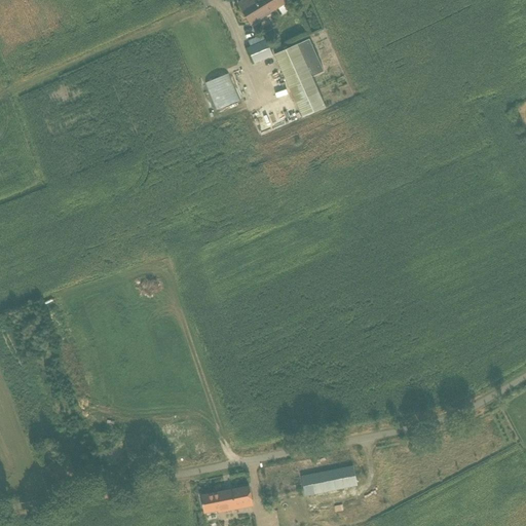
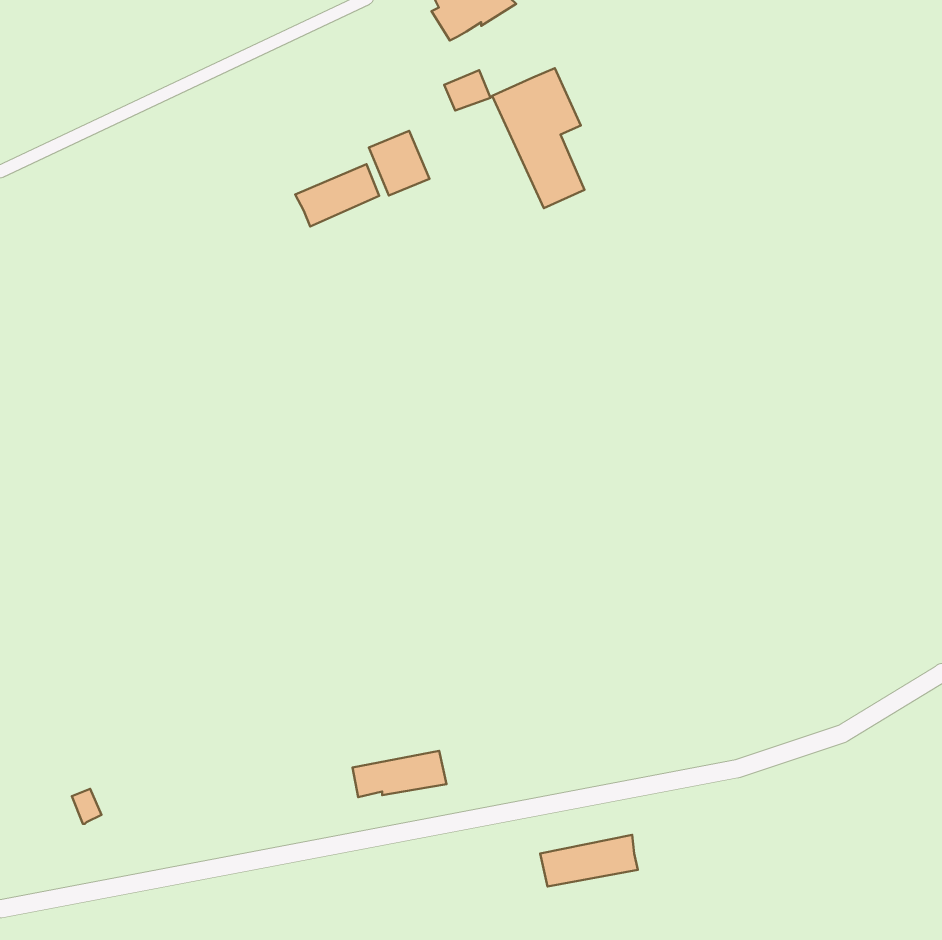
building: none -> [295,164,379,227]
building: [201,486,254,512] -> [353,751,447,797]

